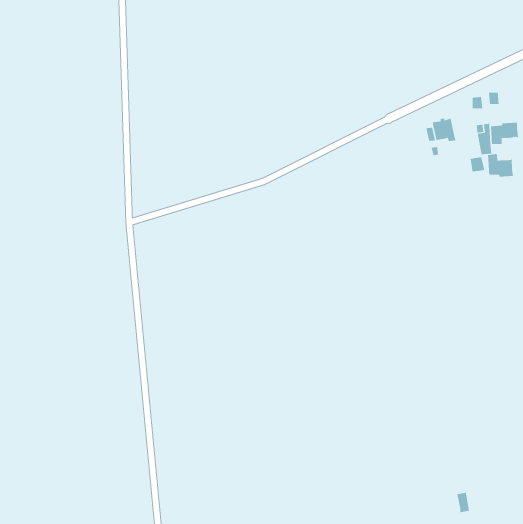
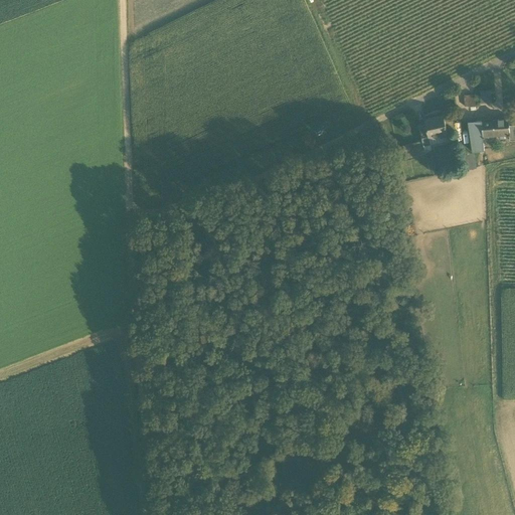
building: [487,153,513,177] -> none

